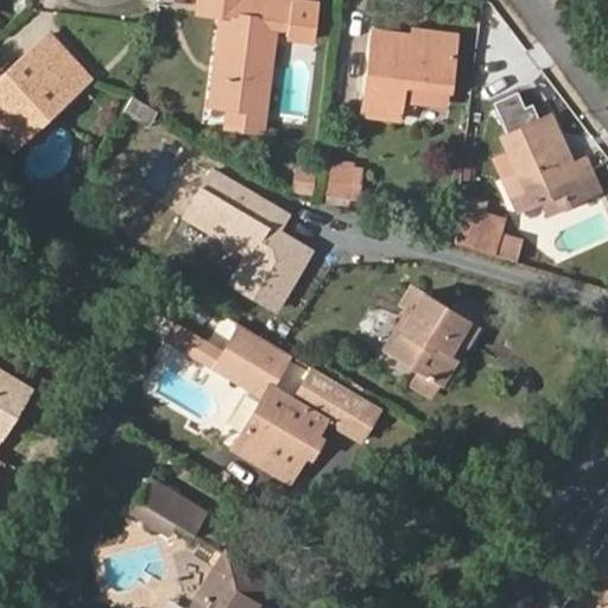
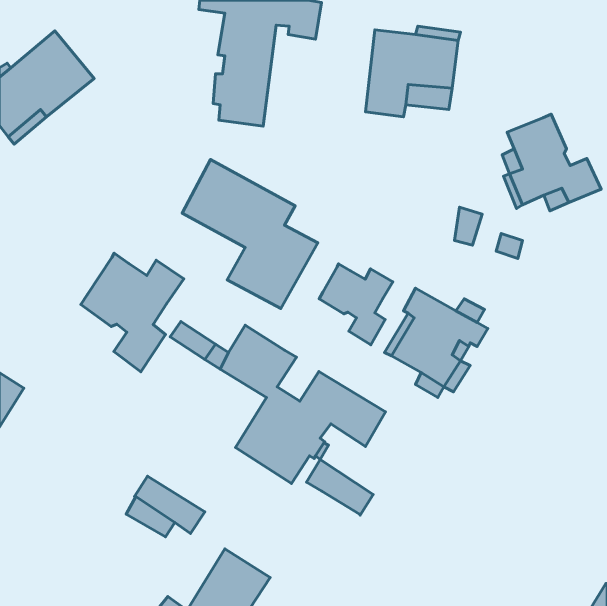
building: [495,90,542,133] -> none
building: [329,158,365,196] -> none
building: none -> [81,253,184,372]
building: none -> [319,264,393,345]
building: none -> [306,460,373,515]

